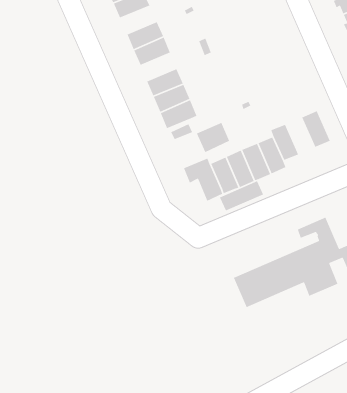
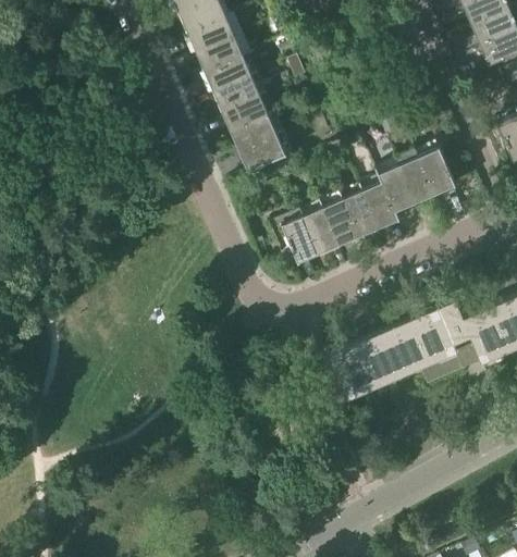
building: none -> [187,14,235,50]
building: none -> [213,74,260,110]
building: none -> [398,156,435,203]
building: [196,122,230,153] -> none
building: [219,180,264,211] -> none

